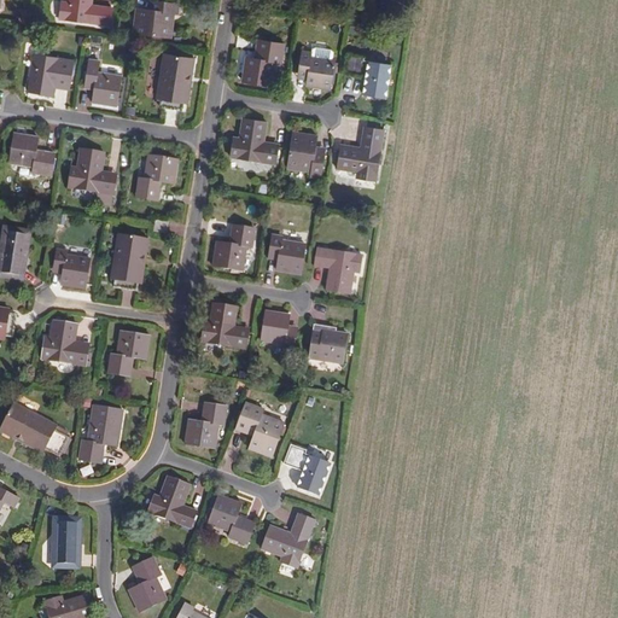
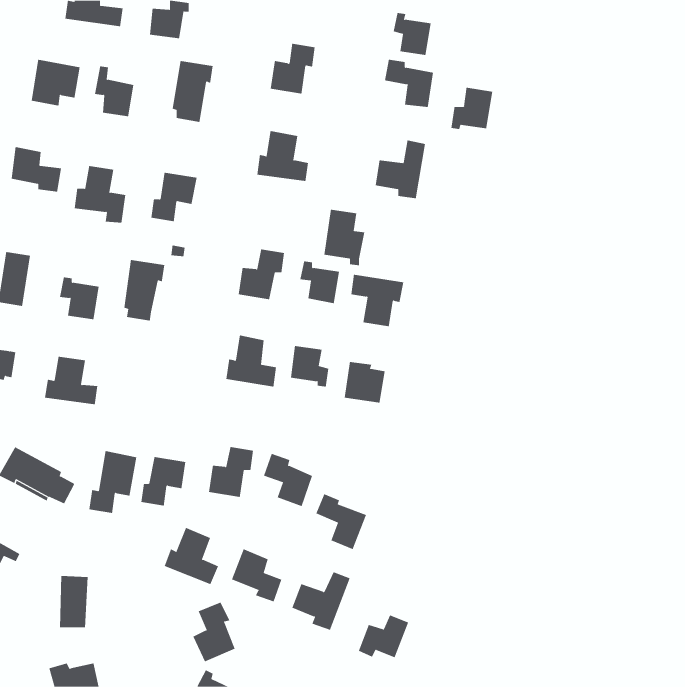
building: [299,49,334,88] -> [393,13,432,56]
building: none -> [451,87,493,130]
building: [287,132,325,182] -> [324,209,365,266]
building: [109,330,150,374] -> [140,457,186,506]
building: none -> [358,614,409,658]
building: [128,556,167,611] -> [192,602,235,662]

